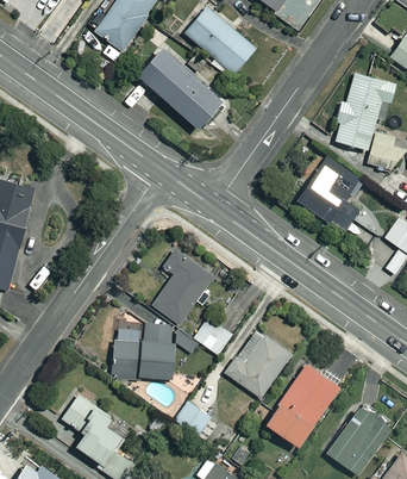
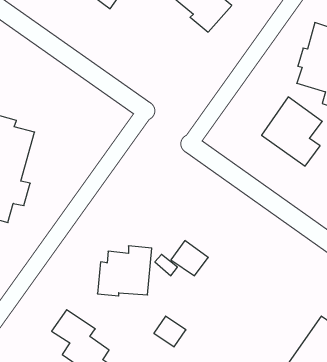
building: [138,52,224,135] -> none
building: [151,248,212,322] -> none
building: [223,334,289,396] -> none
building: [262,360,338,444] -> none

